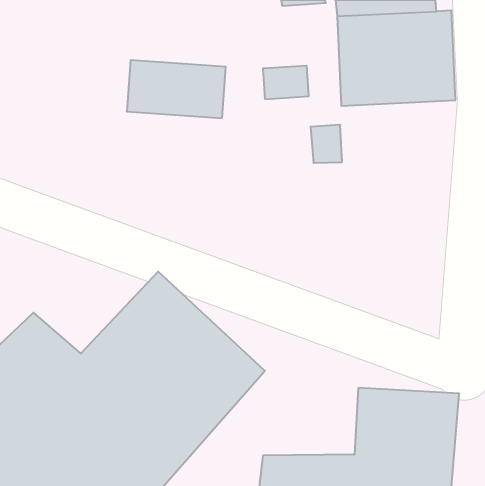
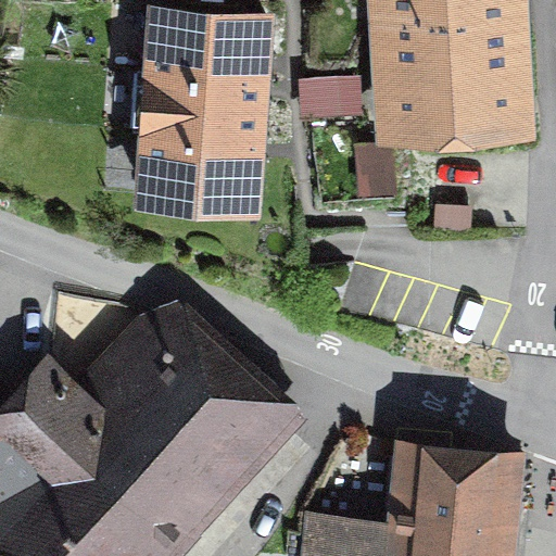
building: none -> [149,8,262,77]
building: none -> [140,128,253,198]

